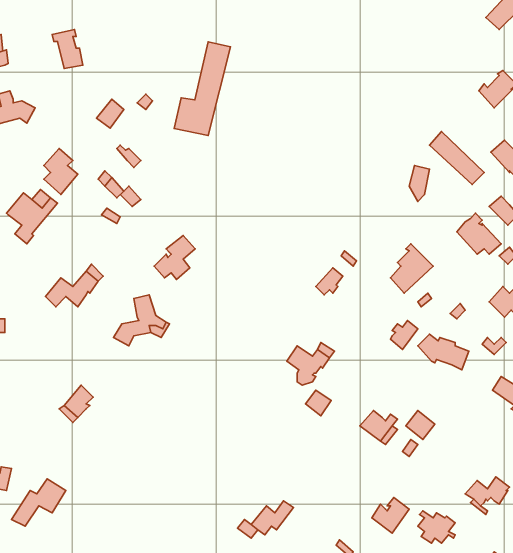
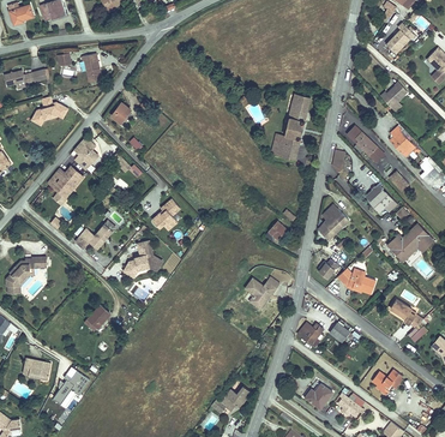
building: [174,42,230,135] -> [270,94,309,160]

